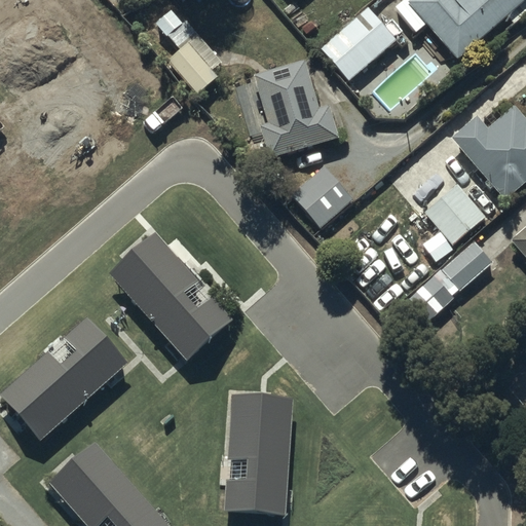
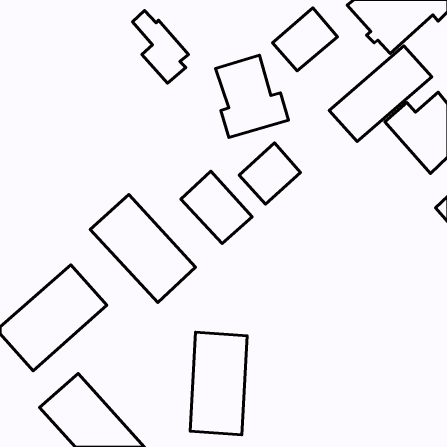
building: none -> [329,46,432,142]
building: [425,186,486,248] -> none
building: none -> [181,171,252,244]
building: [409,243,492,325] -> none

